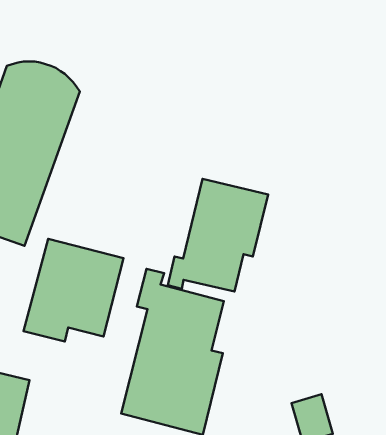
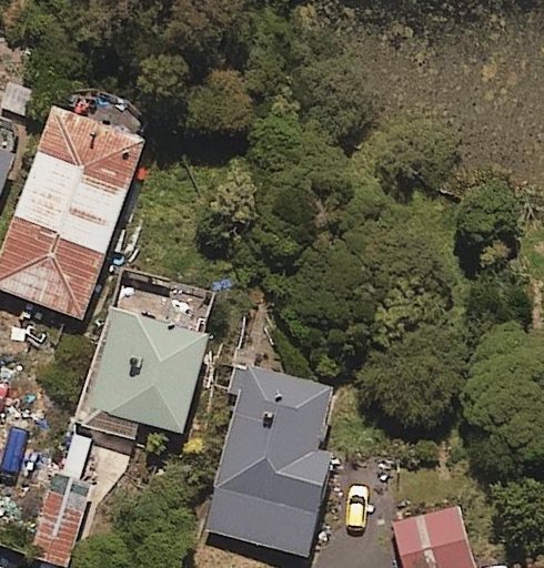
building: [168,179,268,292] -> none

